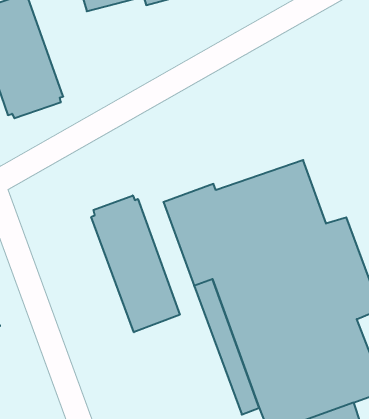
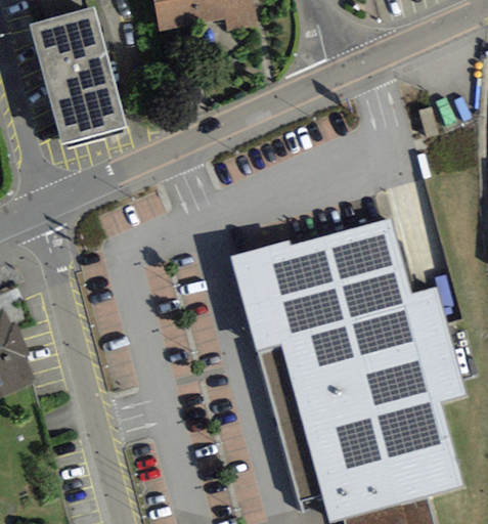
building: [91,195,180,332] -> none

